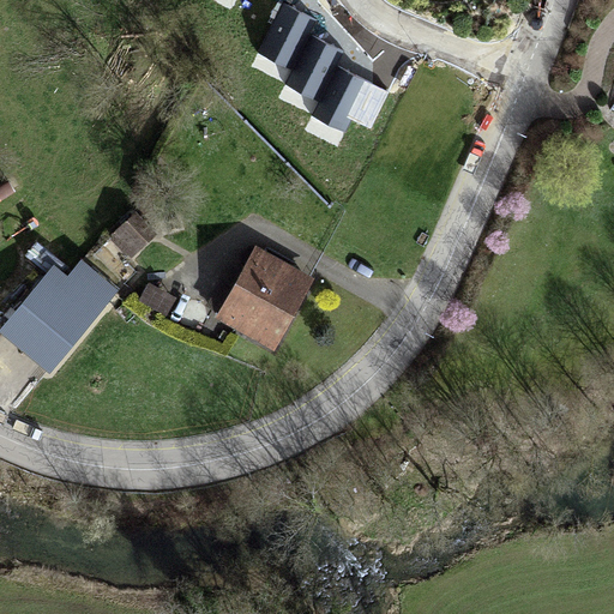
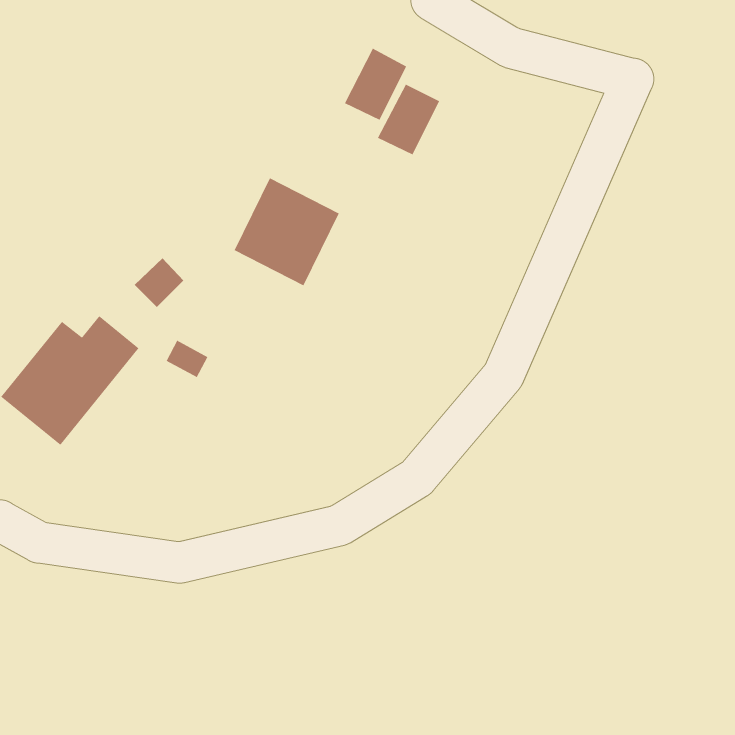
building: [261,6,314,67] -> none
building: [221,248,309,339] -> [233,177,340,287]

